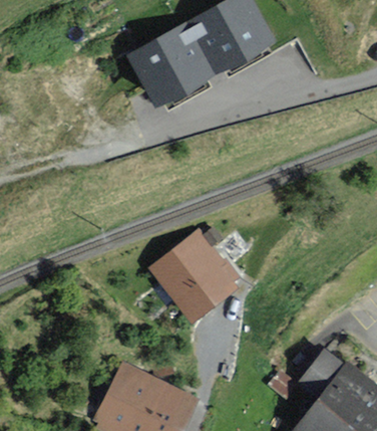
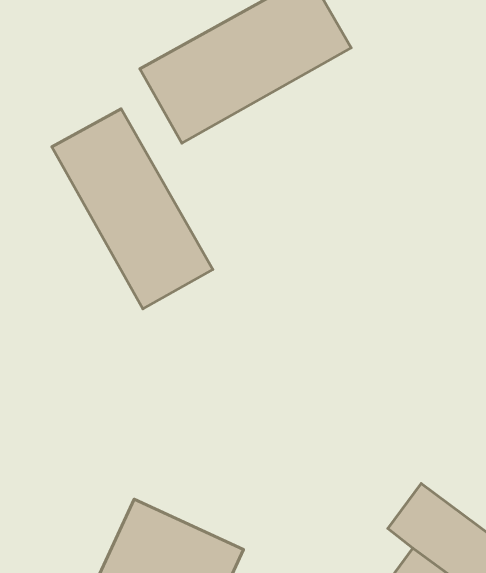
building: none -> [52,109,213,309]
building: [150,225,247,324] -> none

